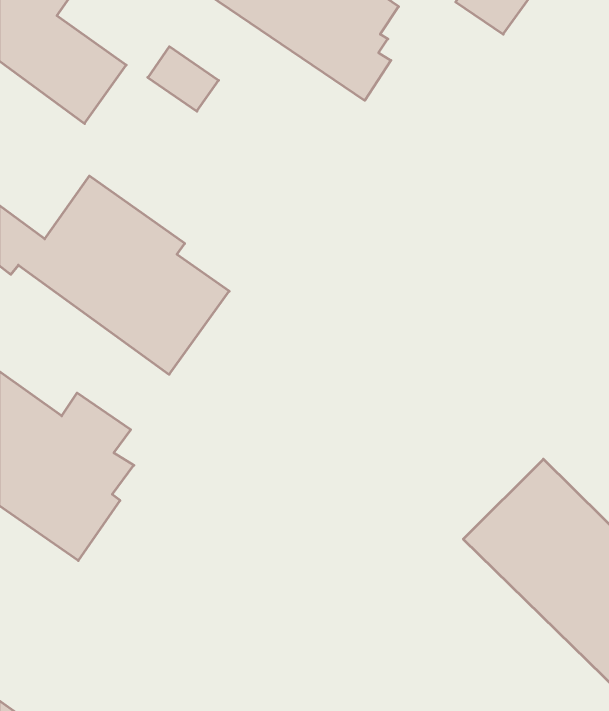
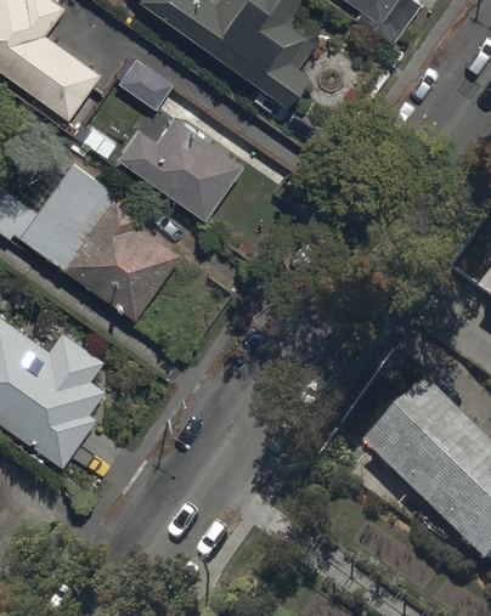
building: none -> [118,117,242,217]

